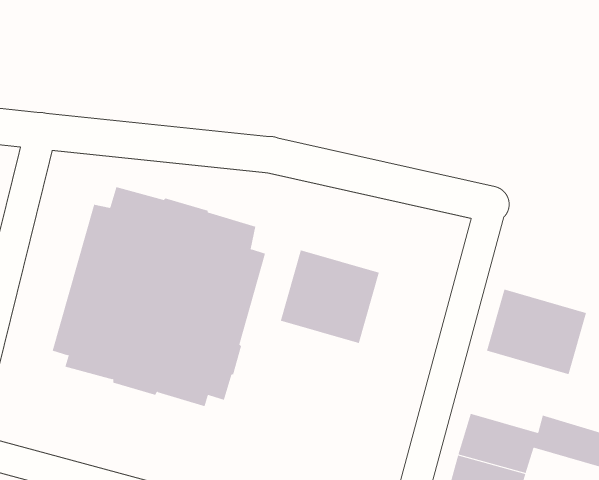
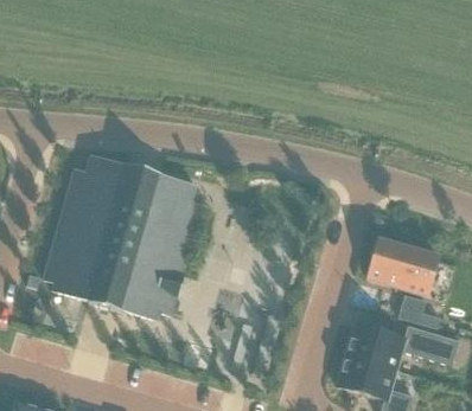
building: [280,250,380,344] -> none
building: none -> [397,294,440,327]

